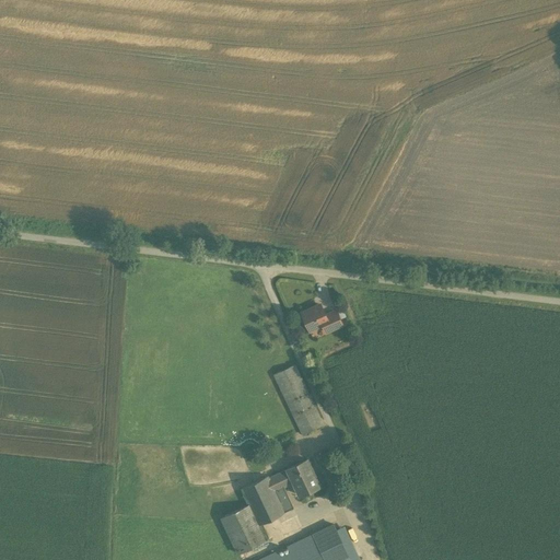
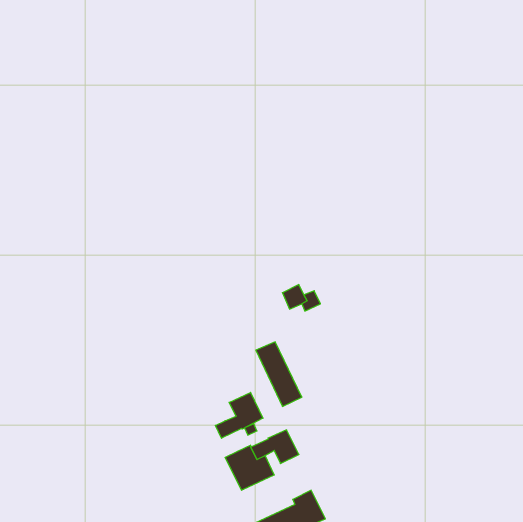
building: none -> [215,392,263,438]
building: [221,505,268,555] -> none

